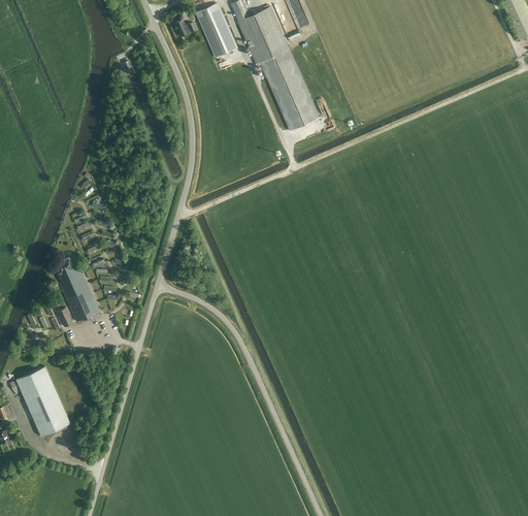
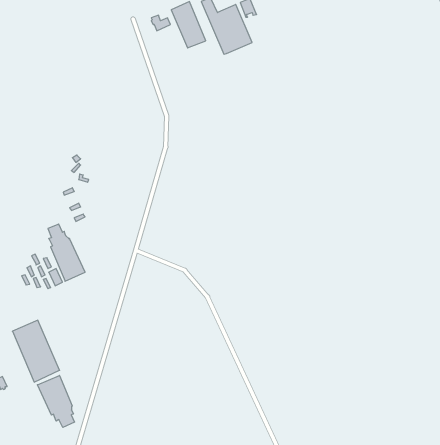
building: [260,51,319,131] -> none
building: none -> [37,375,75,427]

